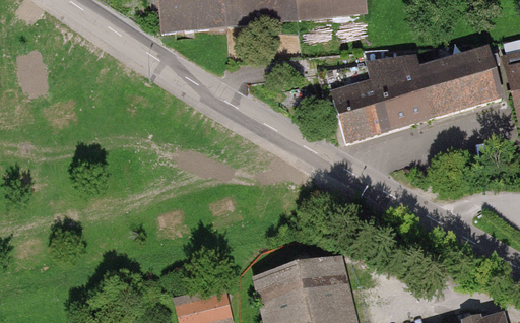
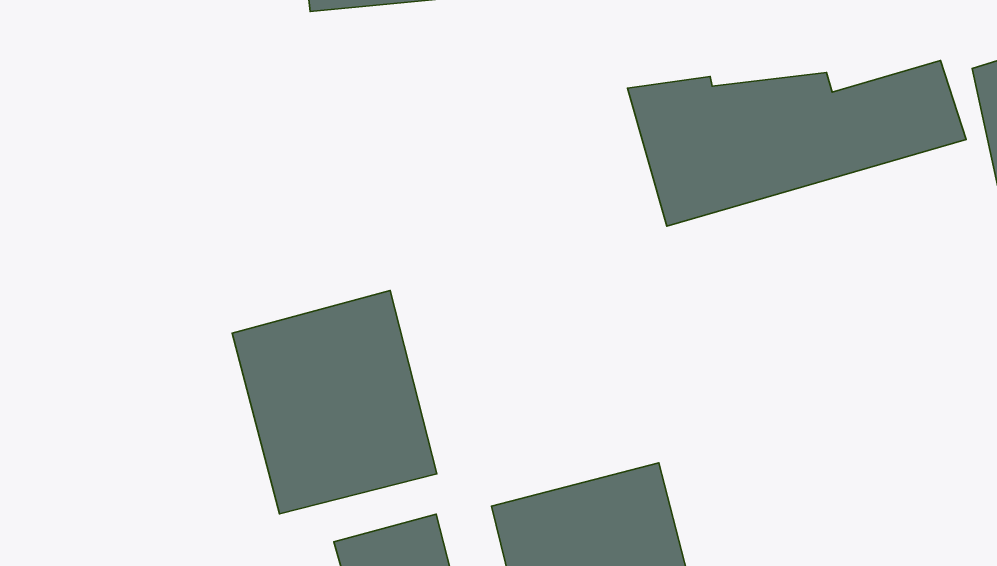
building: none -> [232,290,437,514]

